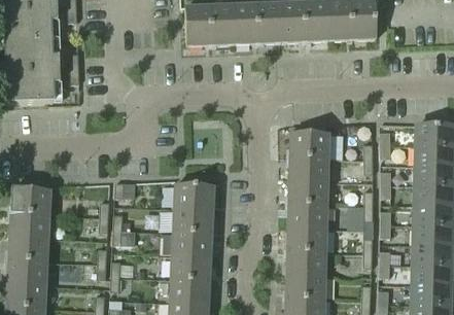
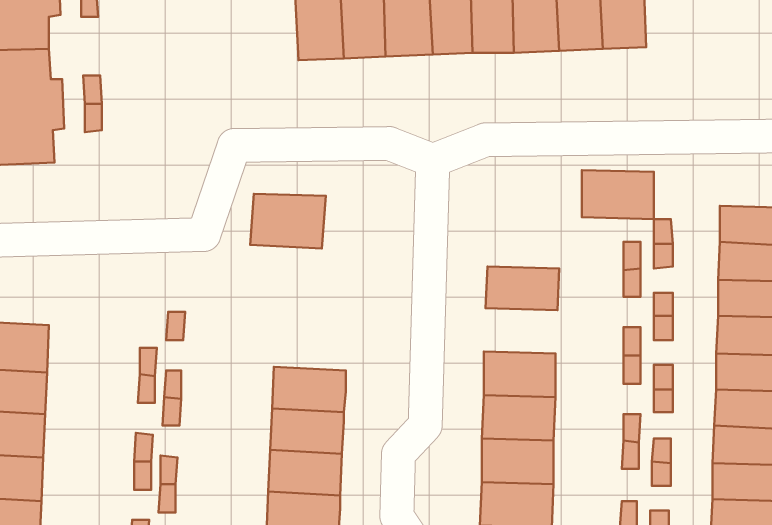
building: [290,131,329,157] -> [582,170,654,219]
building: [288,179,328,204] -> none
building: [174,183,215,213] -> [250,194,326,249]

